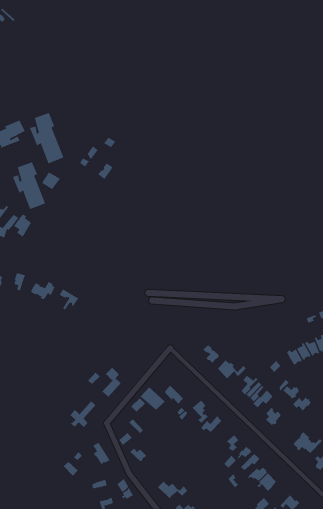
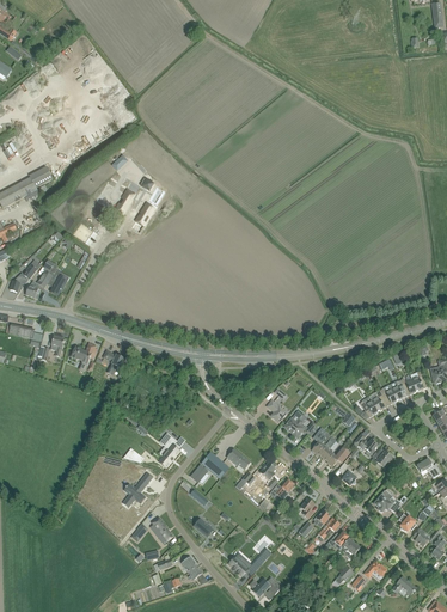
building: [29,112,64,164] -> none
building: [12,161,46,210] -> none

